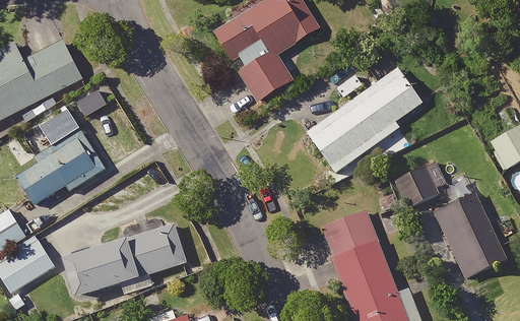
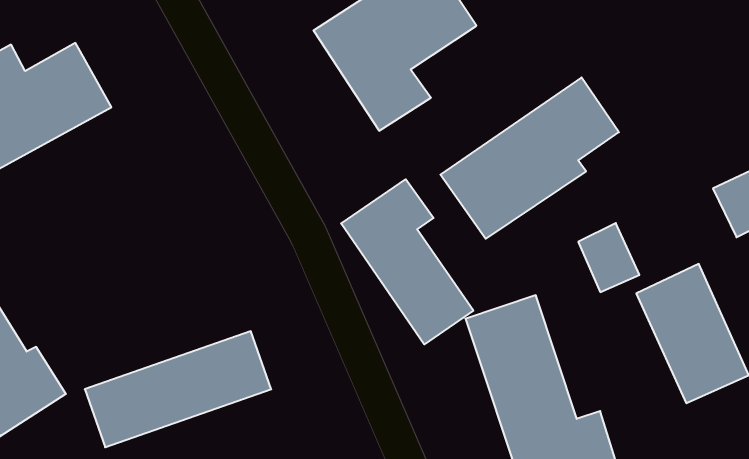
building: [19,108,110,206] -> none
building: none -> [341,179,473,344]

